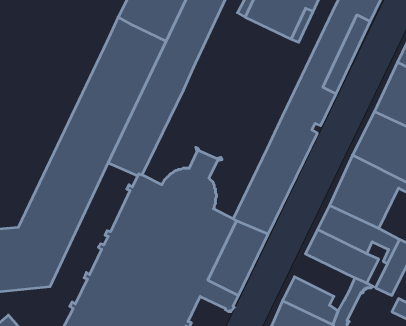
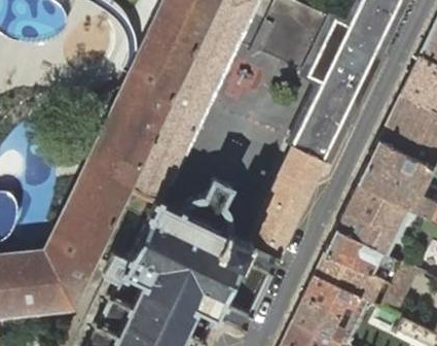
building: none -> [303,275,360,315]

